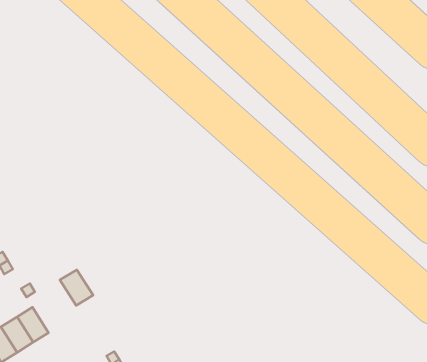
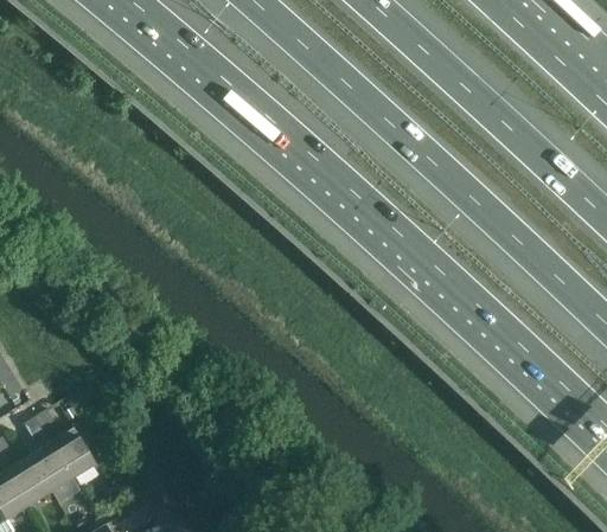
building: [60,270,93,305] -> [49,429,95,479]

